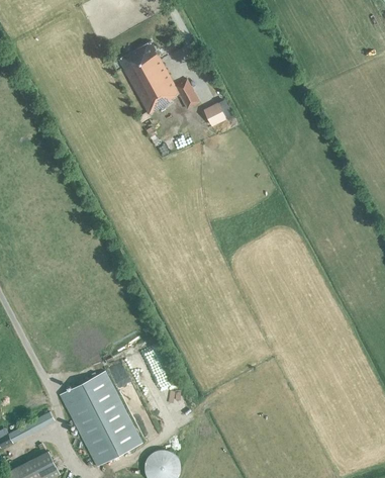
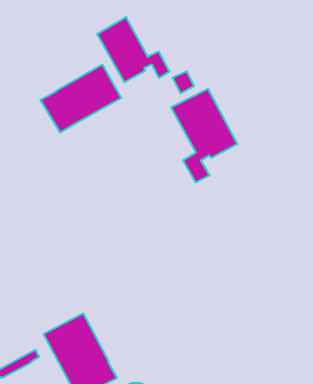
building: none -> [41,65,121,132]
building: none -> [171,89,237,183]

